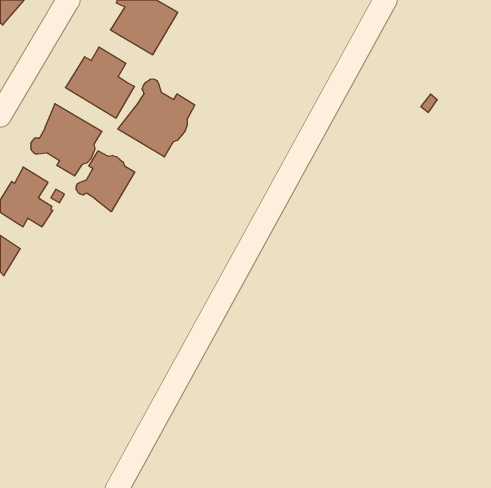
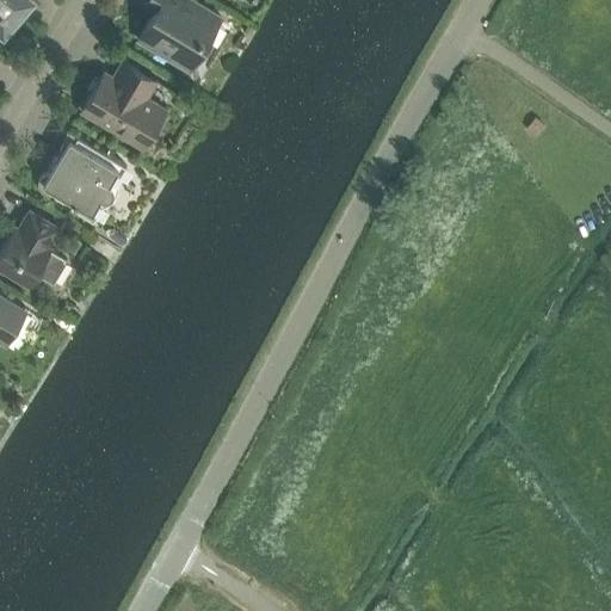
building: [118,79,195,157] -> none
building: [76,151,135,212] -> none

